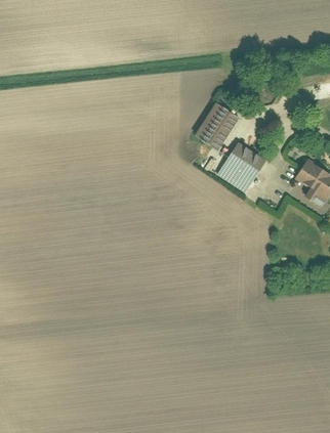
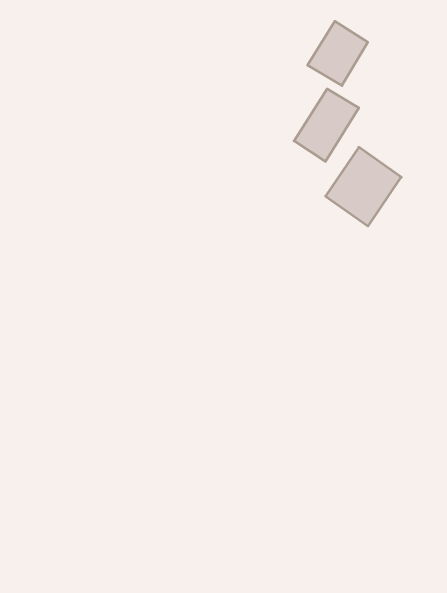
building: none -> [308,21,368,86]

